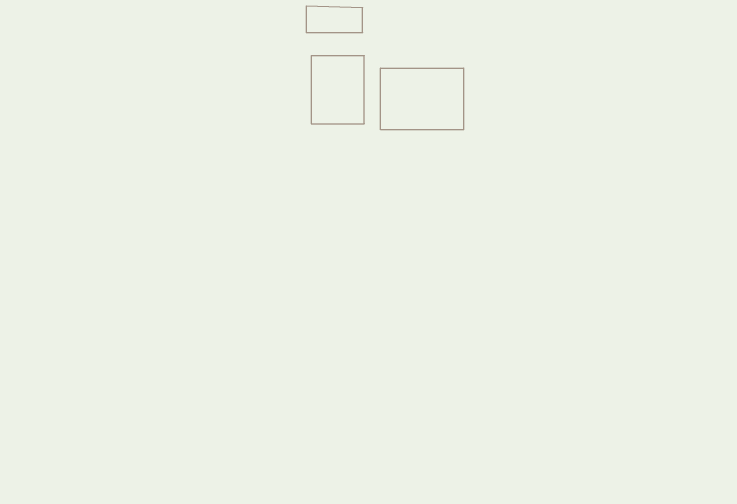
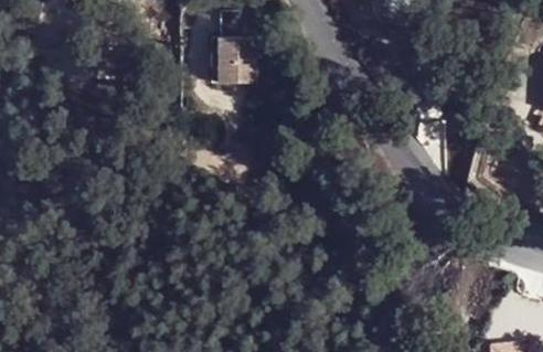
building: [381,68,464,130] -> none

